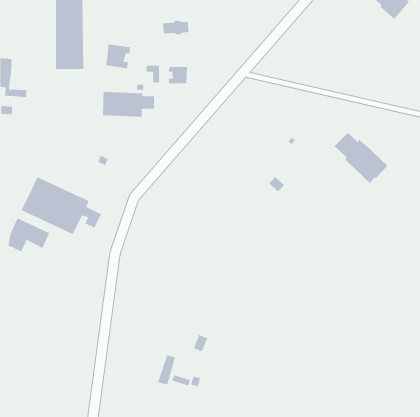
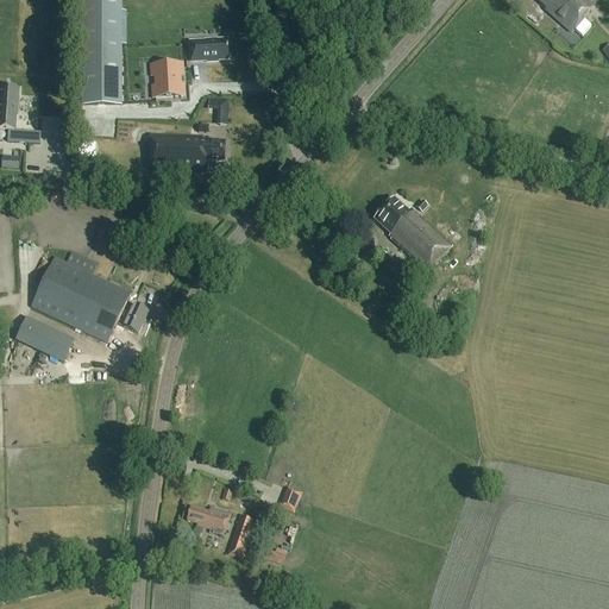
building: [162,20,189,35] -> [188,37,227,58]
building: [168,66,188,84] -> none
building: [334,132,388,184] -> [372,195,451,270]
building: none -> [184,503,230,532]

